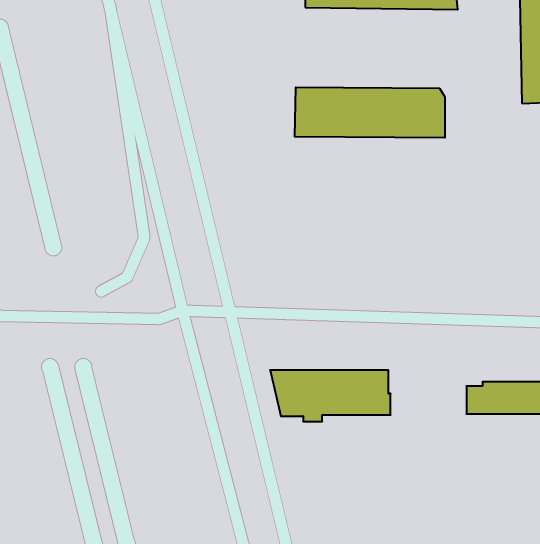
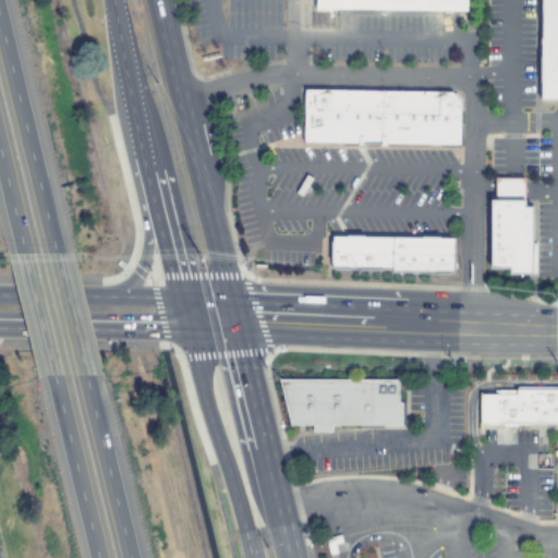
building: none -> [492,178,534,275]
building: none -> [331,238,456,274]

